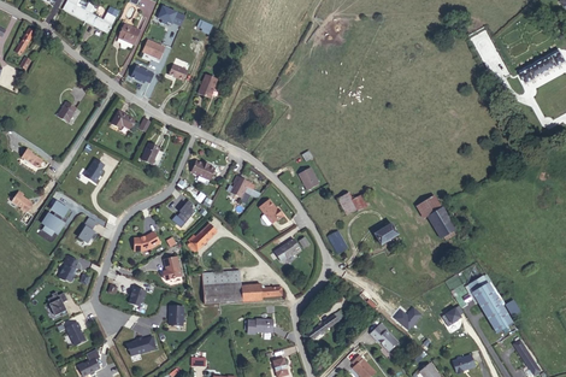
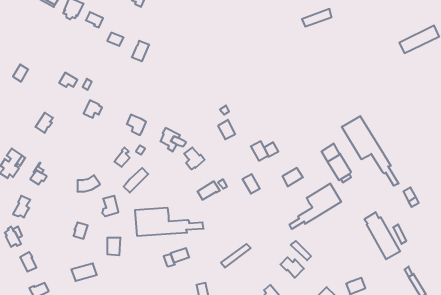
building: none -> [342,116,399,186]
building: none -> [290,183,341,229]

